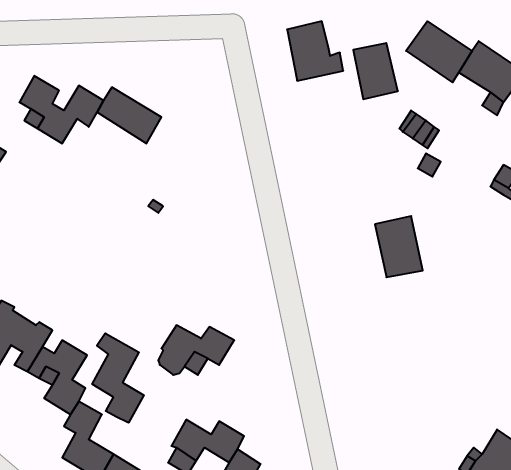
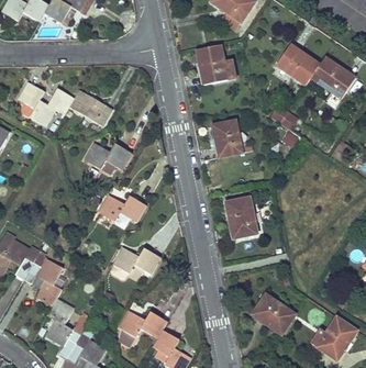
building: [353,43,398,99] -> [212,120,242,157]
building: none -> [84,143,131,170]
building: [375,216,423,277] -> [225,198,257,238]
building: none -> [98,196,145,227]
building: [92,333,144,423] -> none
building: none -> [252,294,295,334]

